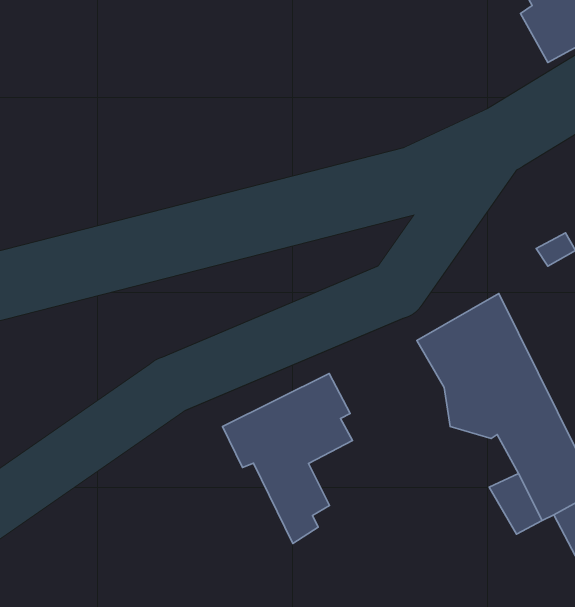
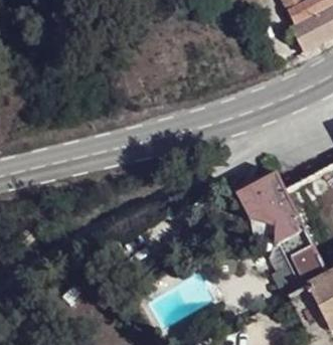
building: [223,374,352,543] -> none

